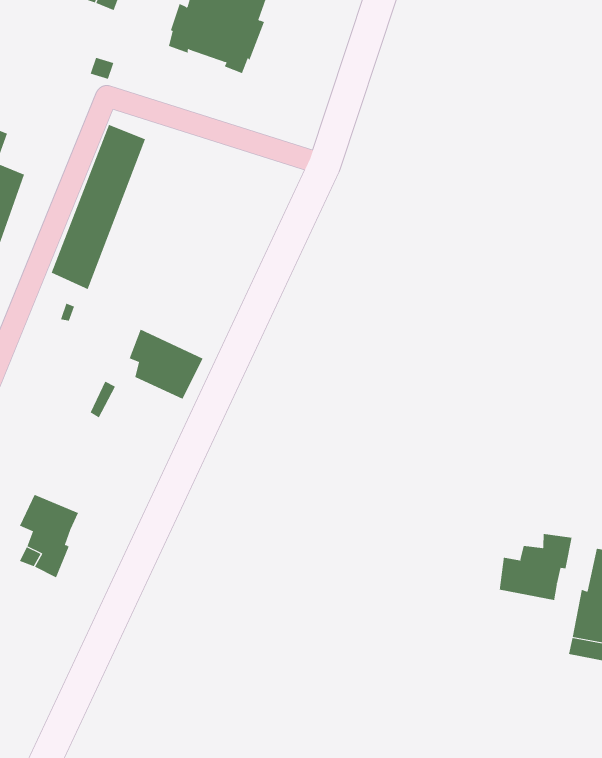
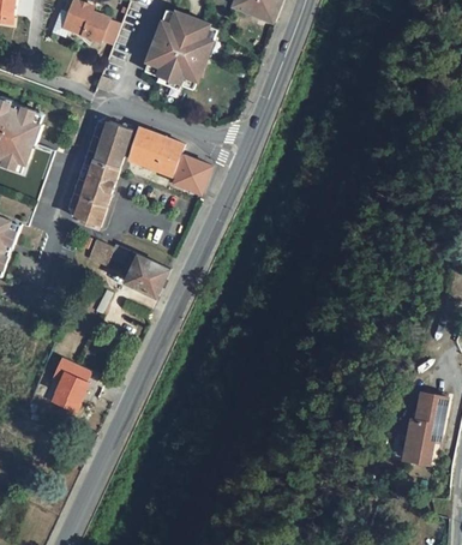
building: none -> [126,125,211,193]
building: none -> [85,239,125,264]
building: [499,533,572,601] -> none

